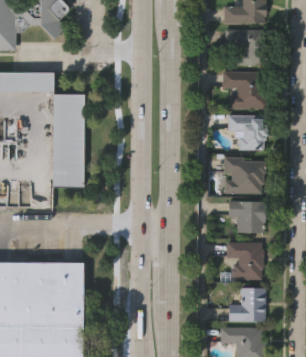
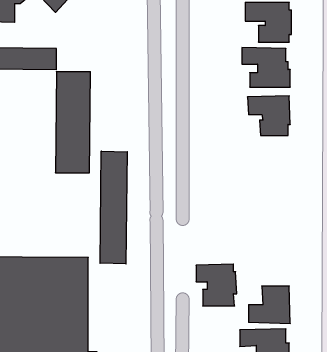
building: [226,158,265,194] -> none
building: none -> [100,151,127,264]
building: [229,201,266,232] -> none
building: [228,242,265,280] -> [196,264,237,306]

